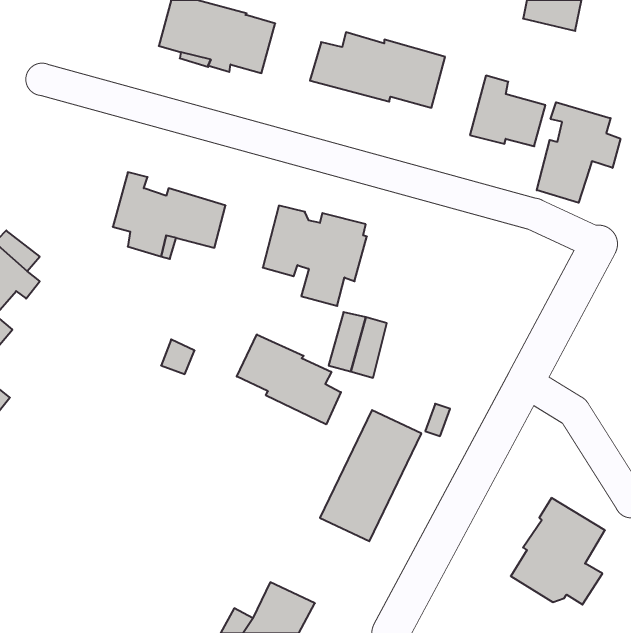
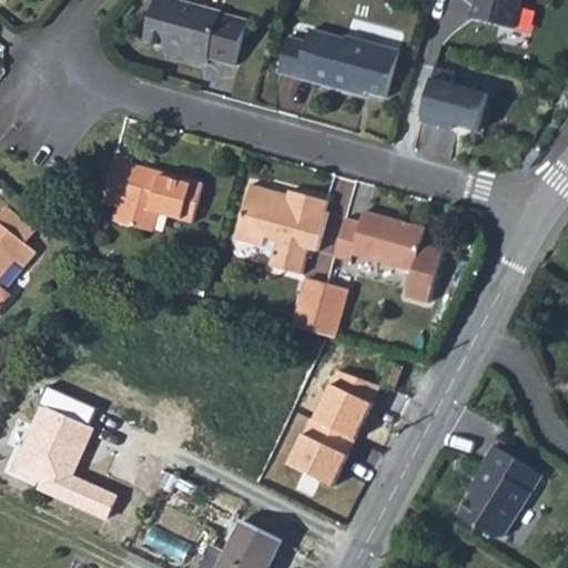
building: [537,102,620,203] -> none
building: none -> [335,211,443,303]
building: [237,334,341,424] -> none
building: none -> [6,387,116,519]

